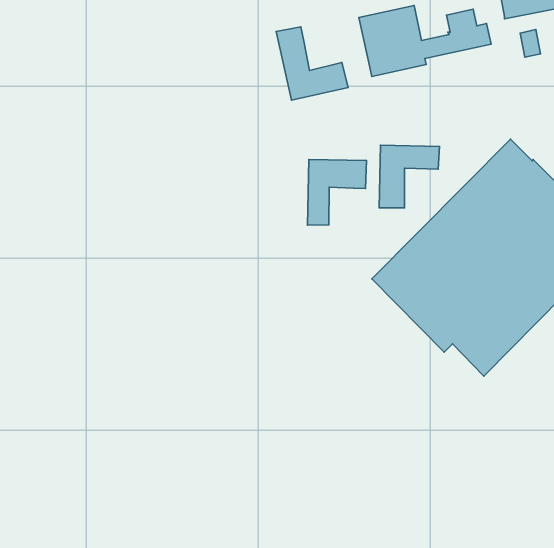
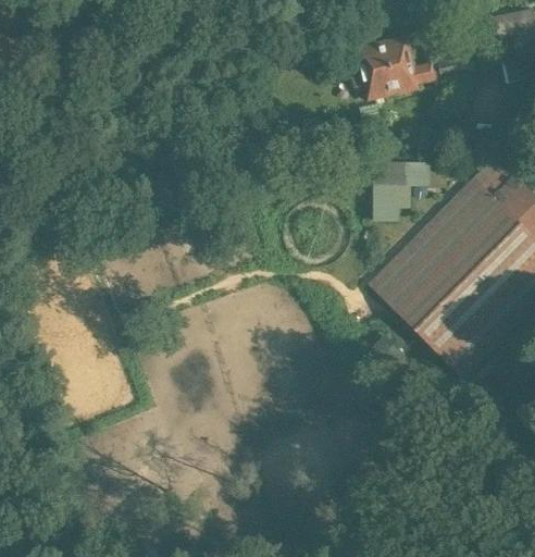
building: [276,27,348,100] -> none
building: [308,159,367,225] -> none

